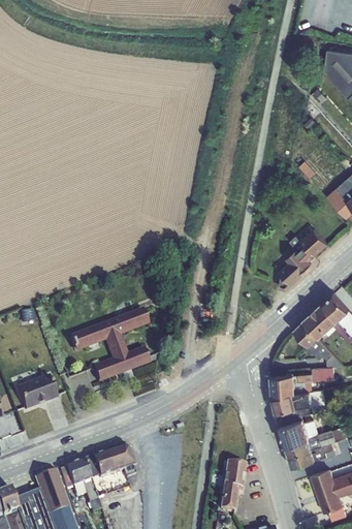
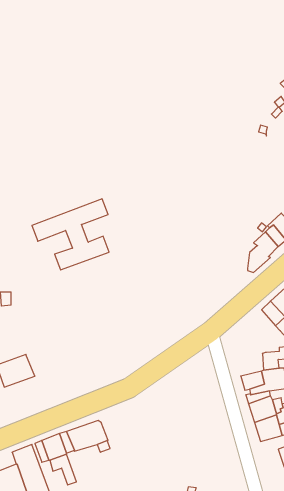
building: [68,309,149,383] -> [32,199,109,270]
building: [270,375,295,399] -> none
building: [218,462,245,512] -> none

